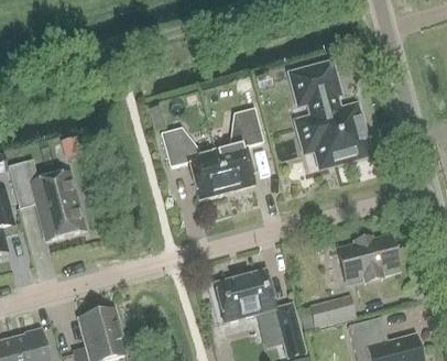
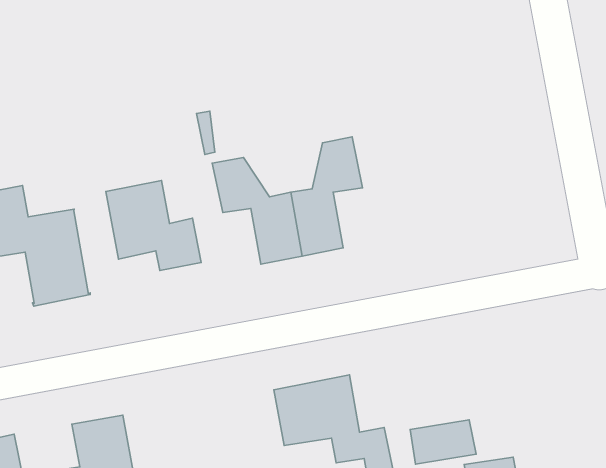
building: [297,63,369,166] -> none
building: none -> [106,181,201,270]
building: [338,238,399,282] -> none

